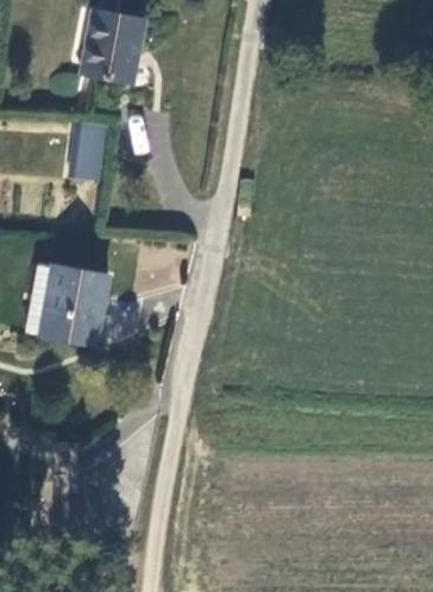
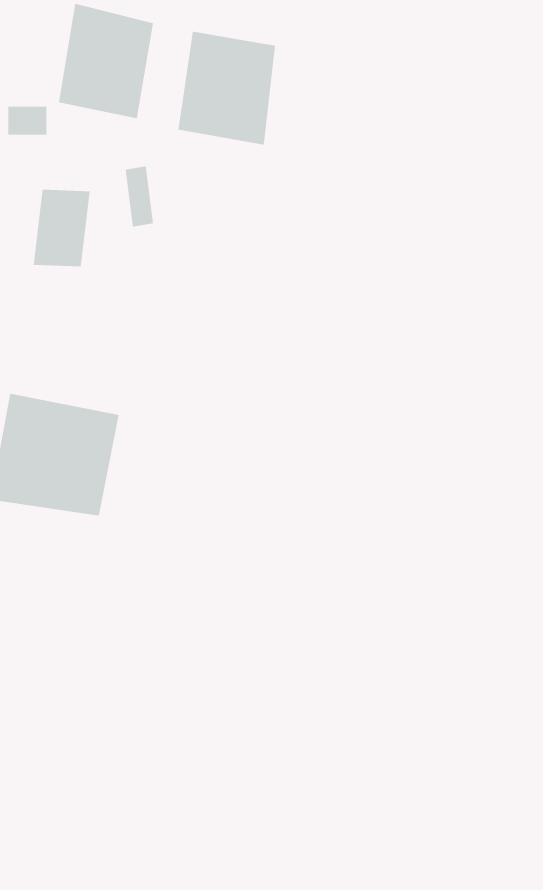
building: none -> [178,31,276,146]

